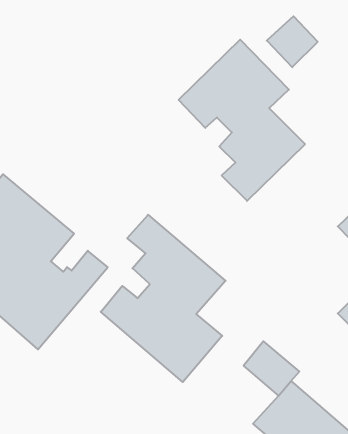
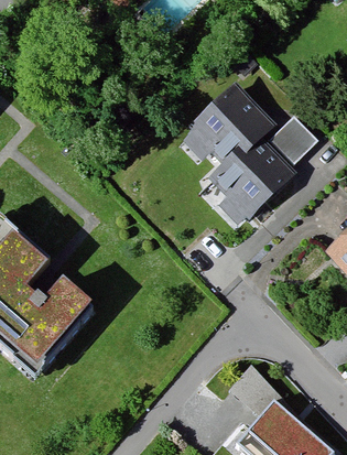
building: [267,16,318,67] -> [267,117,315,165]
building: [101,215,226,382] -> none

